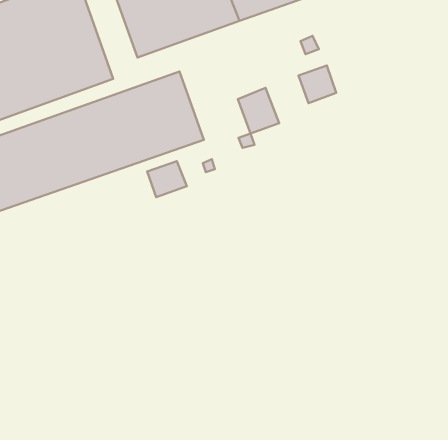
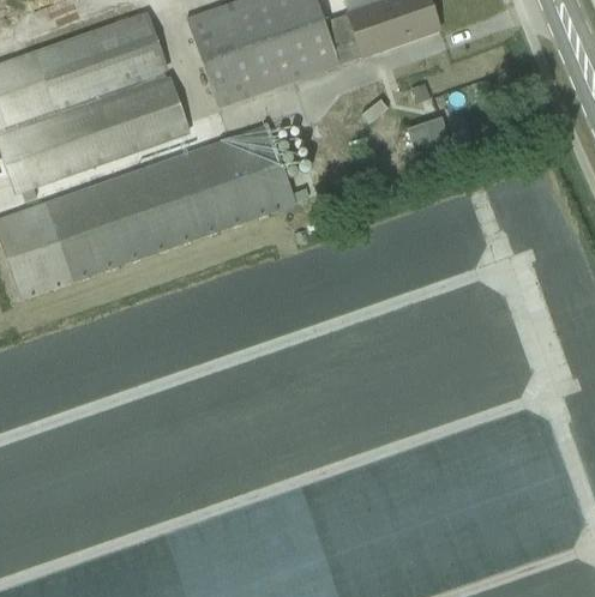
building: [238,88,279,134] -> none
building: [147,161,187,197] -> none

